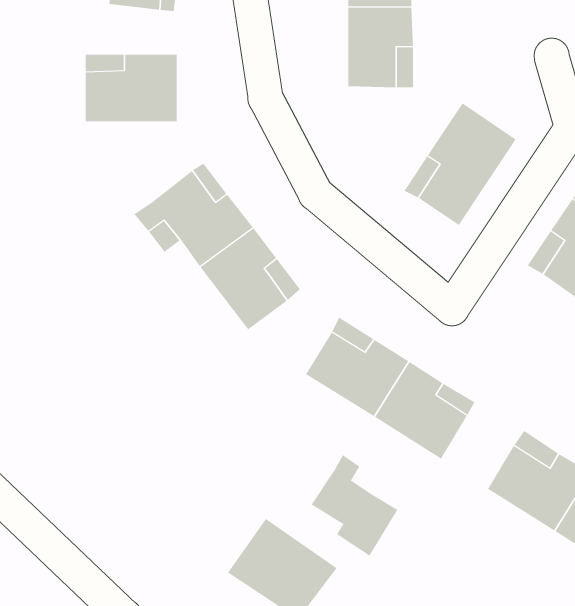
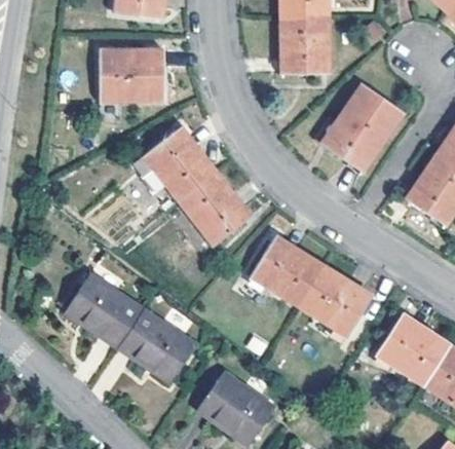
building: none -> [65,277,140,348]
building: none -> [118,313,194,384]
building: [311,454,398,556] -> none

